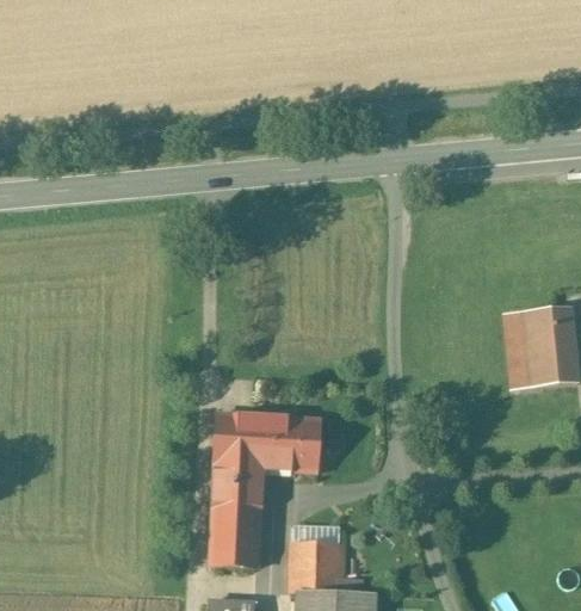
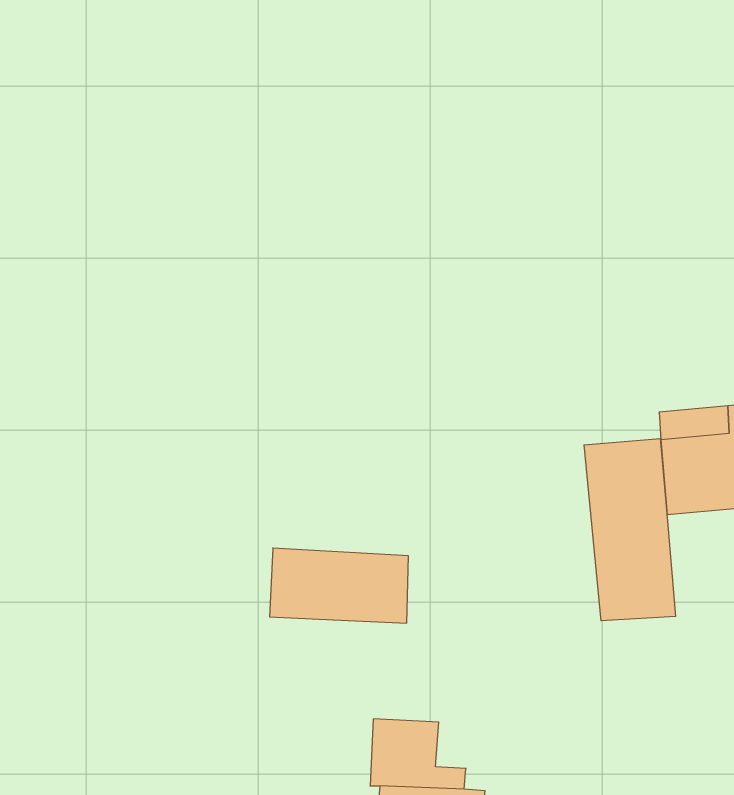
building: none -> [584,438,676,621]
building: [211,464,262,567] -> none

